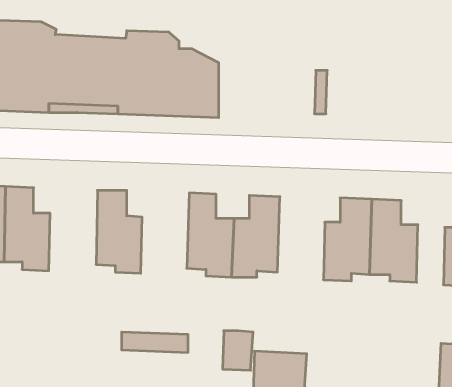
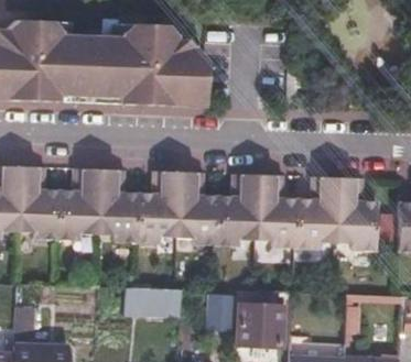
building: none -> [61,168,102,239]
building: none -> [140,171,182,242]
building: none -> [258,175,299,246]

